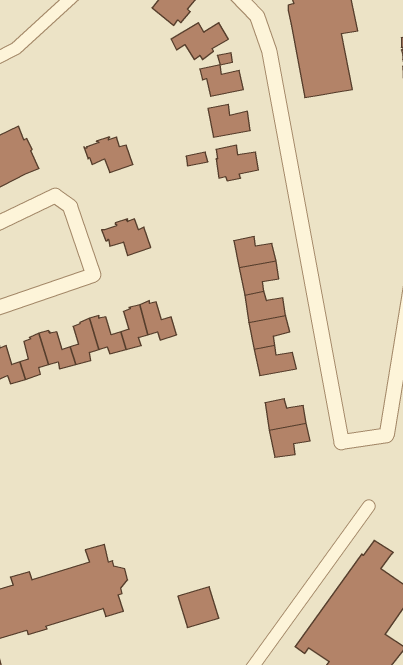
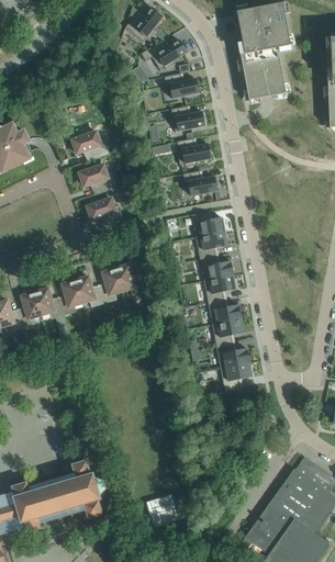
building: none -> [77,164,116,192]
building: none -> [182,169,217,194]
building: none -> [212,317,244,345]

